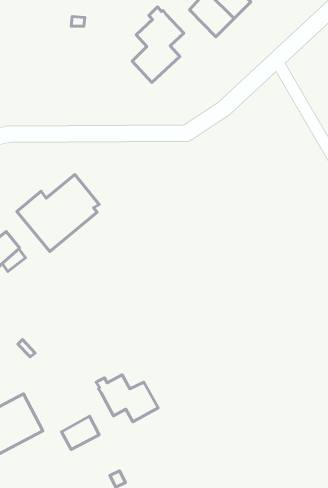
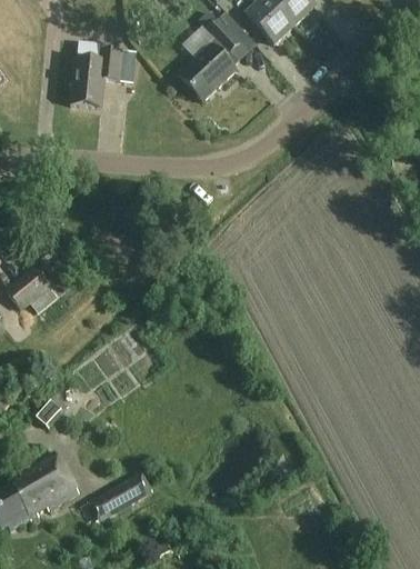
building: none -> [71,41,122,104]
building: [17,175,99,252] -> none
building: [96,375,158,422] -> none

